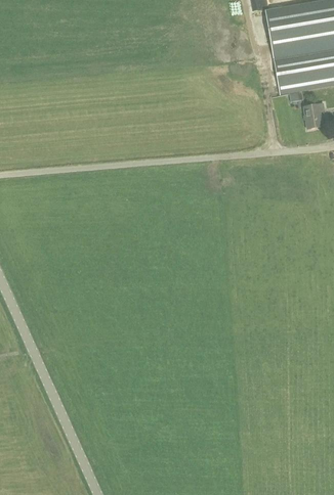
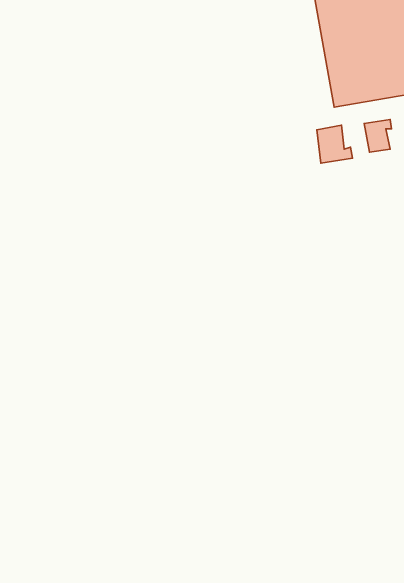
building: none -> [317,125,353,163]

